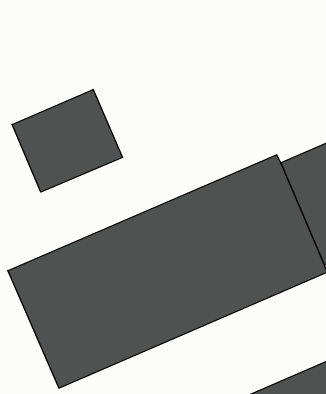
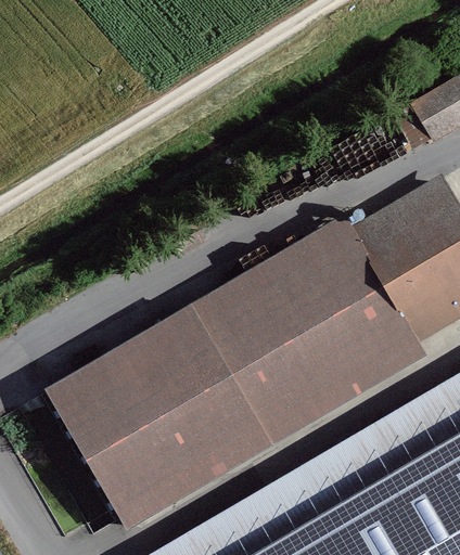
building: [12,89,123,192] -> none

